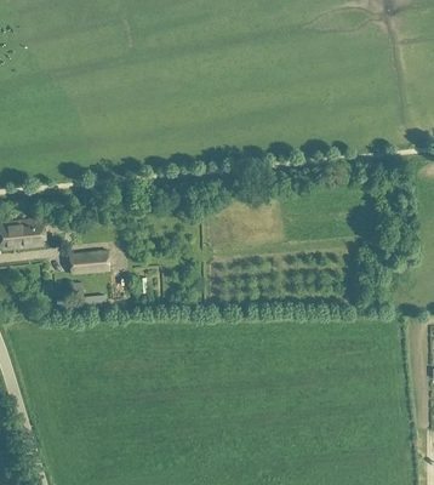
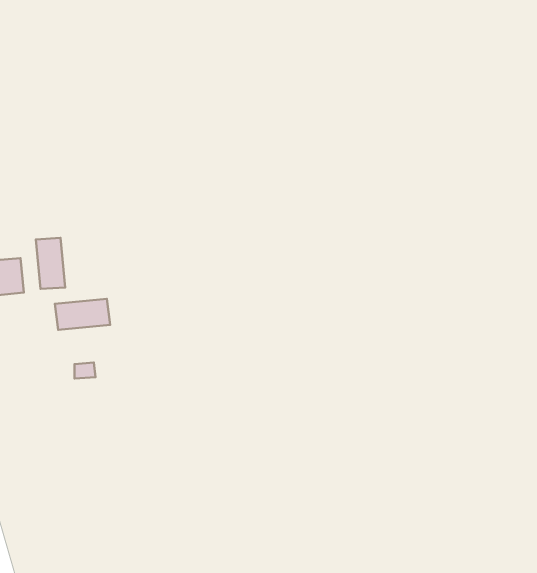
building: none -> [36,238,65,289]

